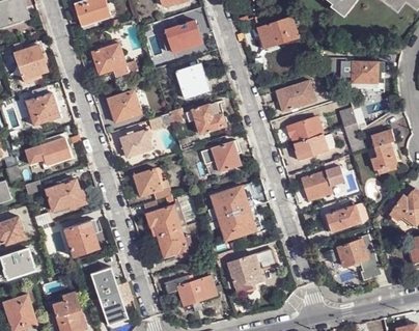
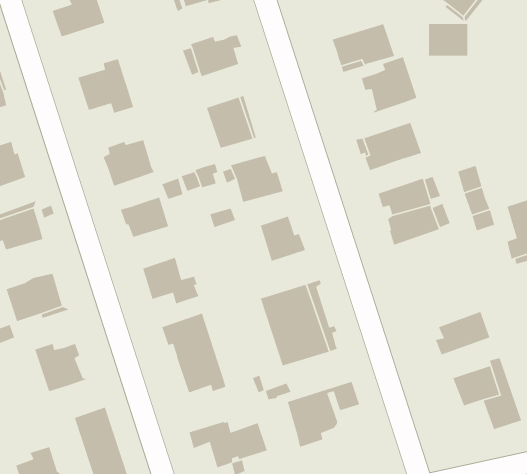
building: none -> [361,56,418,114]
building: [352,61,378,83] -> [428,23,468,57]
building: [301,167,344,201] -> none

